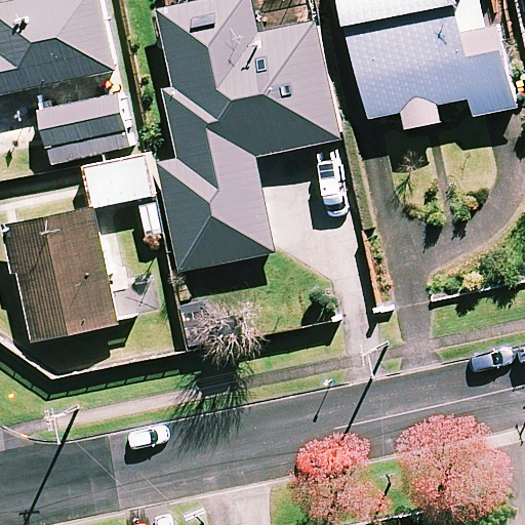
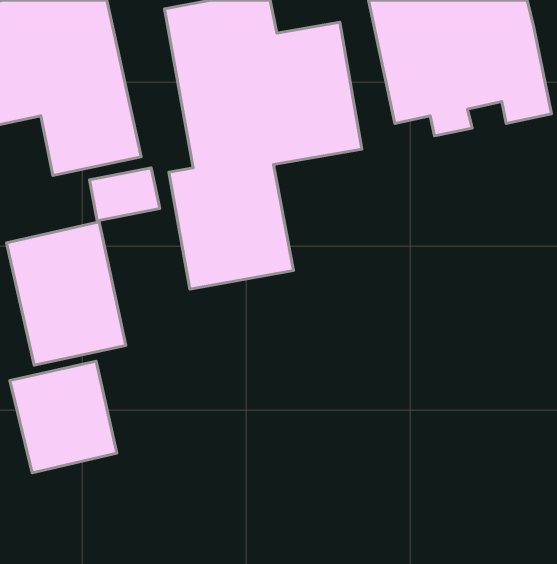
building: none -> [10,361,117,473]

